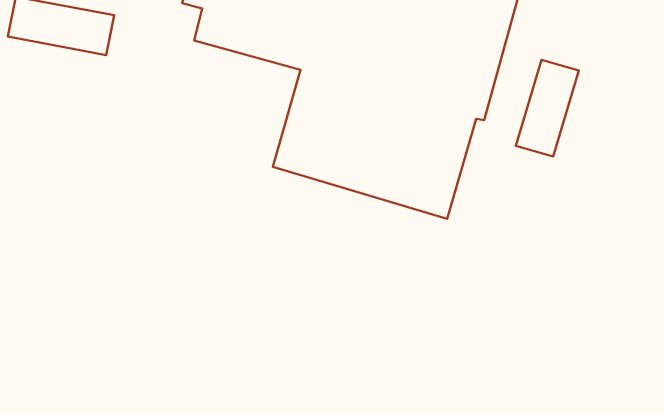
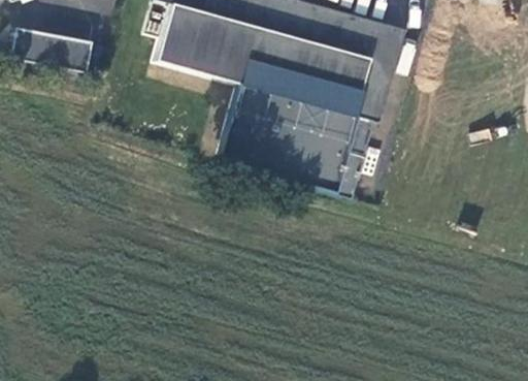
building: [516,60,579,157] -> none

